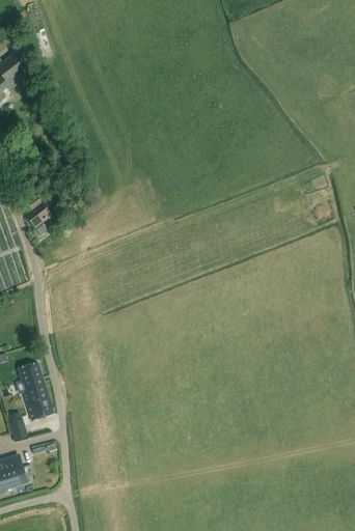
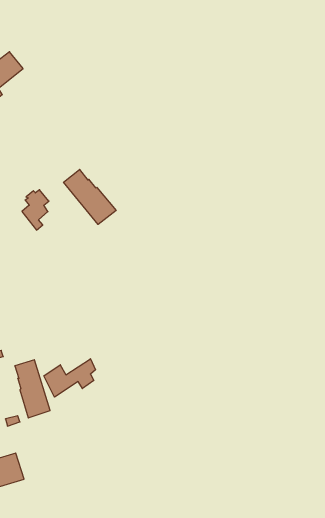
building: none -> [64,169,116,224]
building: none -> [44,359,96,397]

